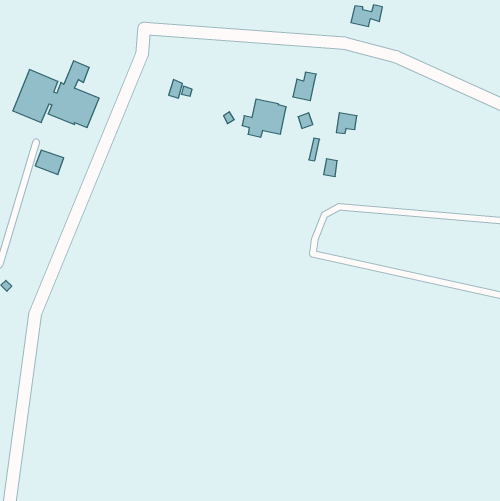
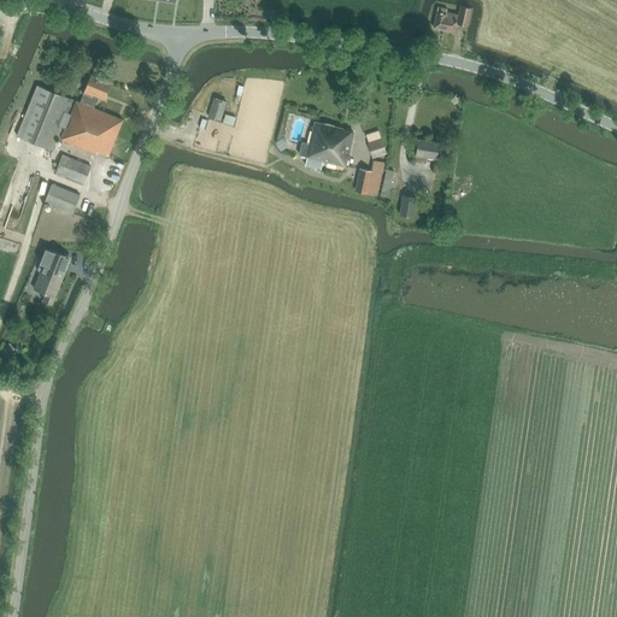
building: [293,72,316,101] -> [354,160,383,195]
building: none -> [55,155,89,183]
building: none -> [33,249,66,305]

